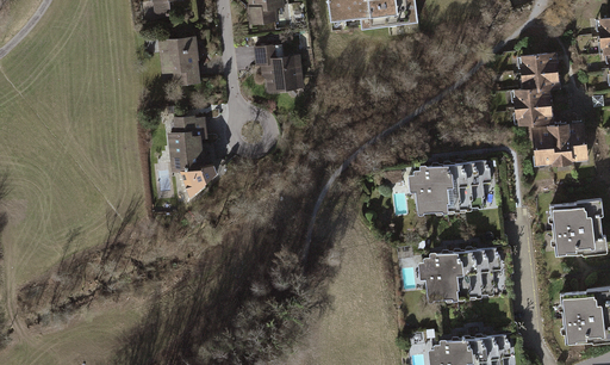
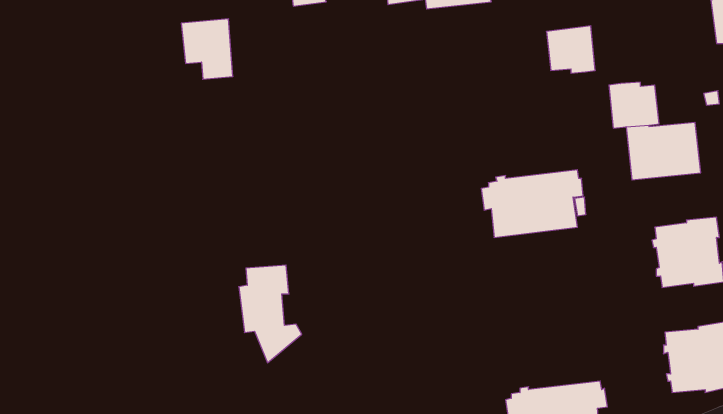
building: [253,43,303,91] -> none
building: [518,50,559,89] -> [546,26,595,73]
building: [167,113,219,194] -> [239,265,302,363]
building: [416,246,500,303] -> none

